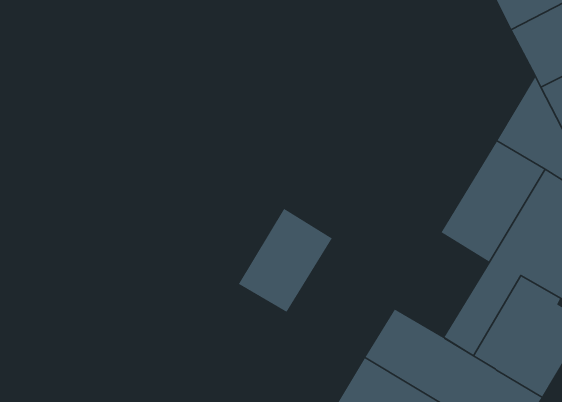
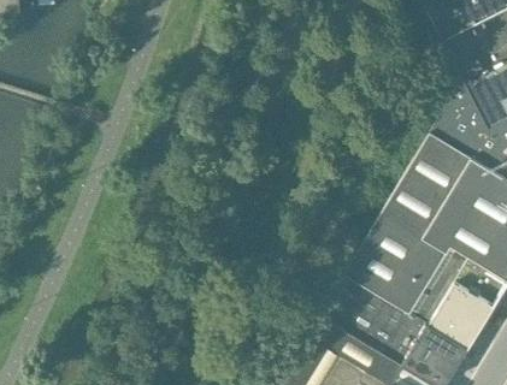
building: [238,208,333,313] -> [347,212,426,300]

